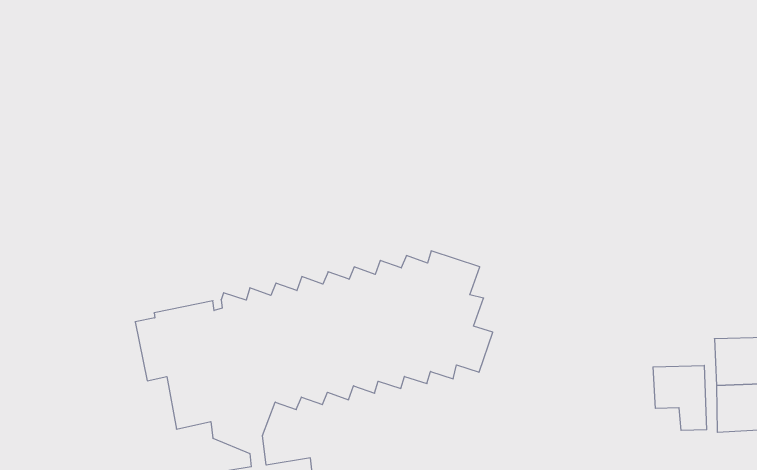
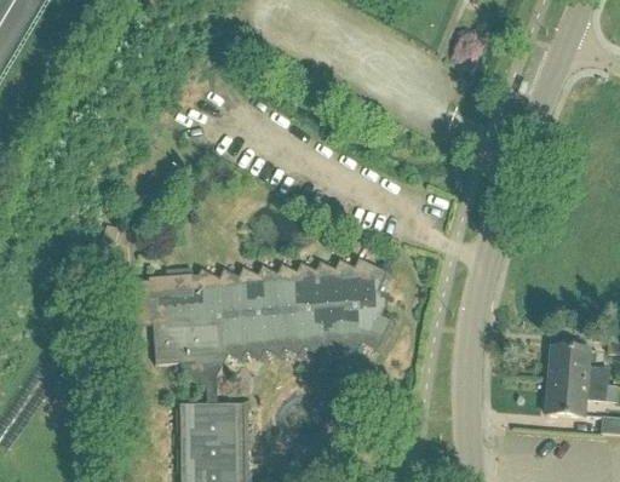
building: [653,365,707,430] -> none

